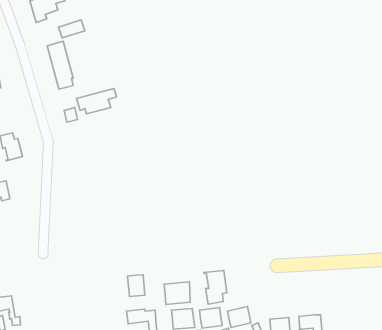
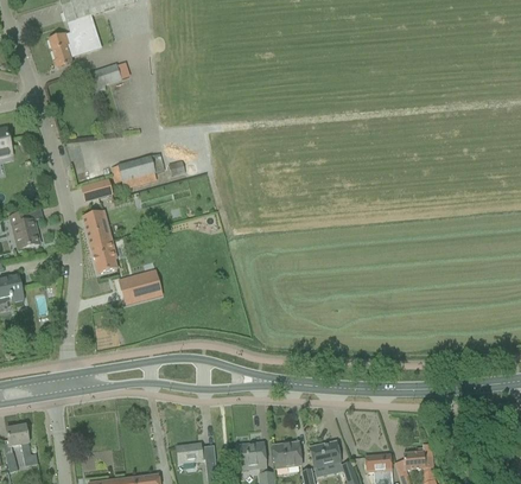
building: [47,41,73,89] -> [83,209,117,272]
building: none -> [120,268,163,302]
building: [204,270,227,304] -> none
building: [128,275,145,297] -> none
building: [164,282,190,304] -> none

